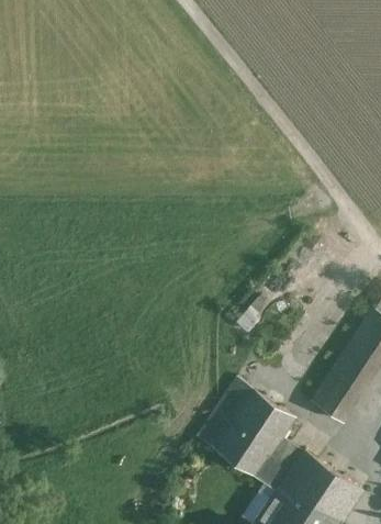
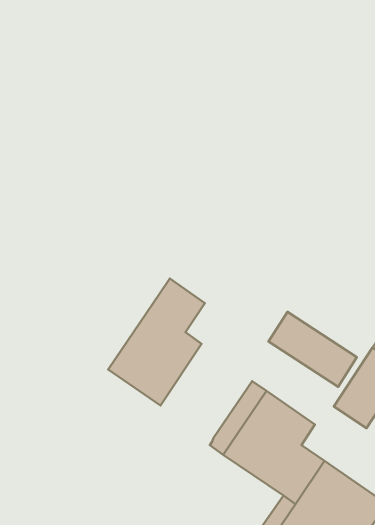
building: none -> [108,279,205,405]
building: none -> [269,312,357,387]

